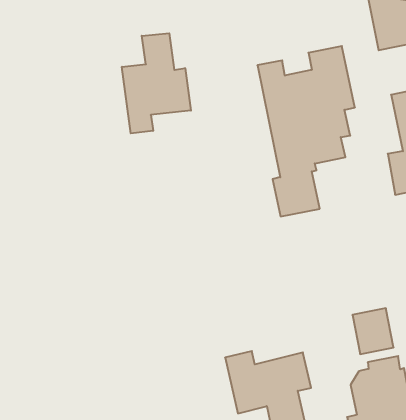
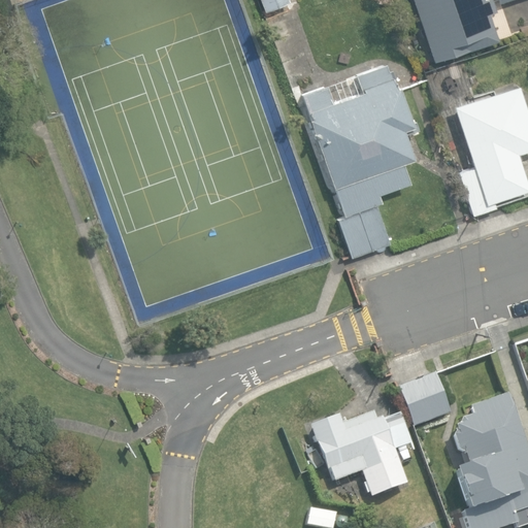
building: [122,33,191,133] -> none
building: [352,308,394,354] -> [400,372,451,427]

